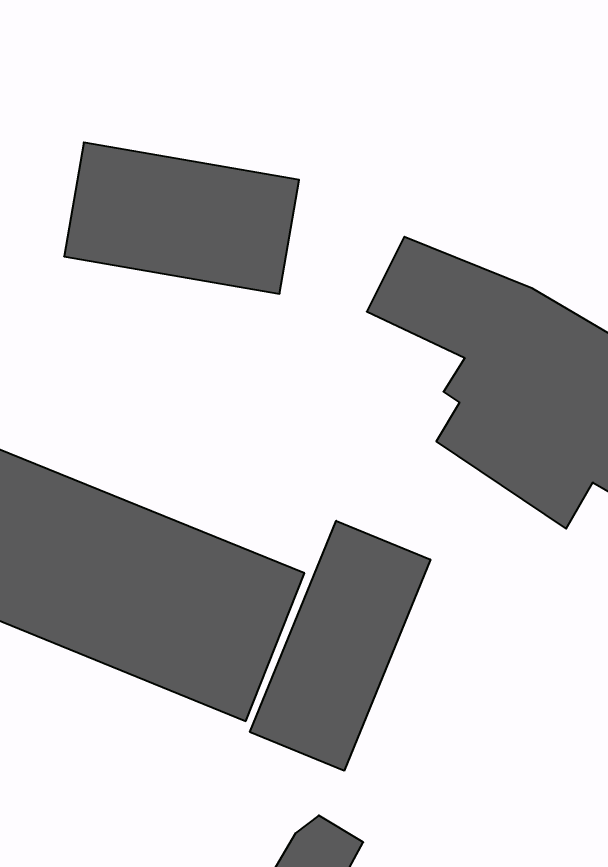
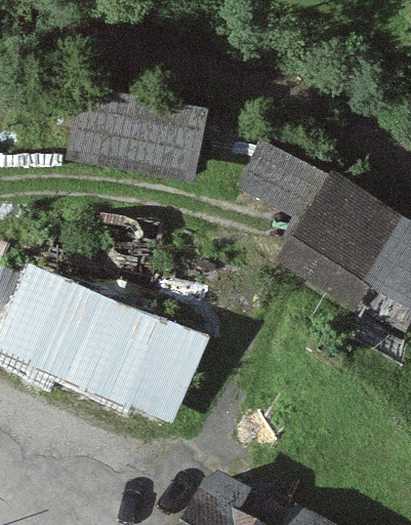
building: [250,521,430,771] -> none

